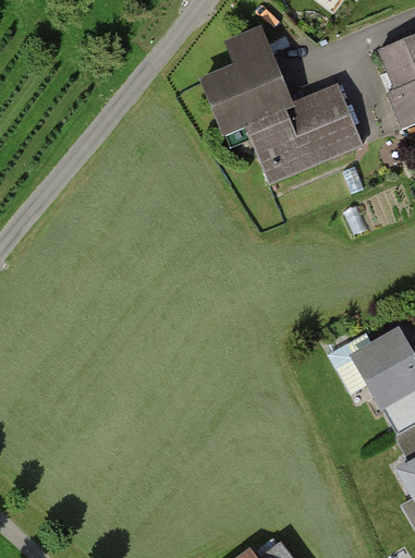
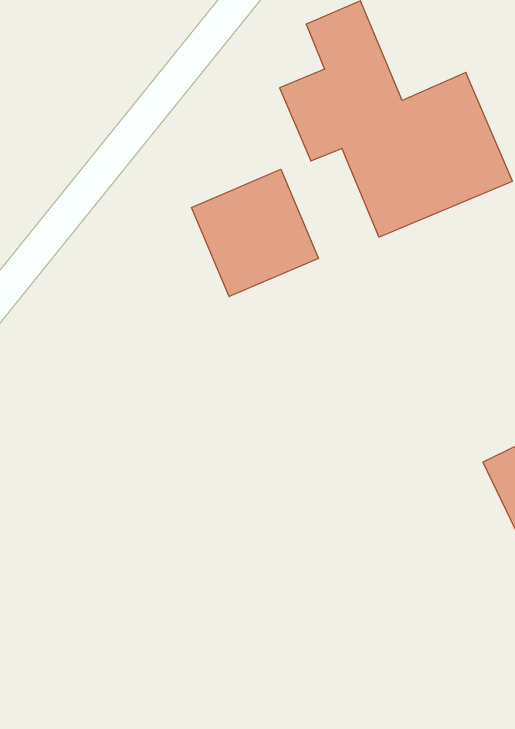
building: none -> [192,169,318,297]

